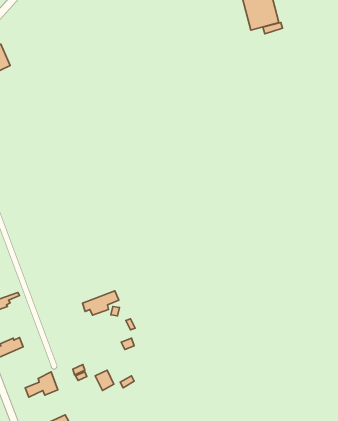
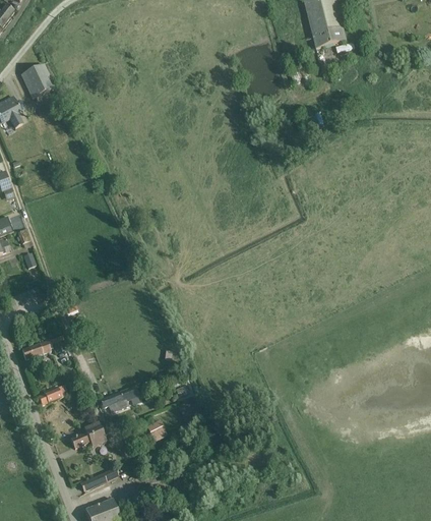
building: [82,291,119,315] -> [100,386,139,412]

